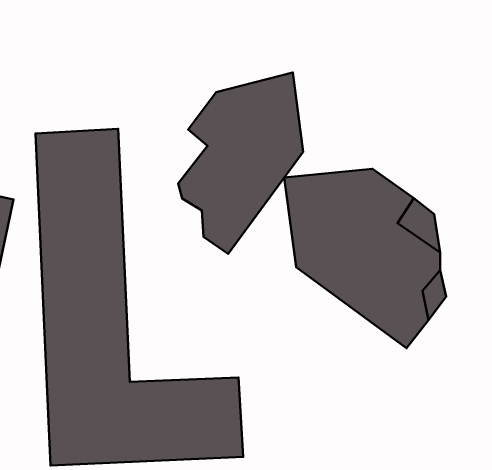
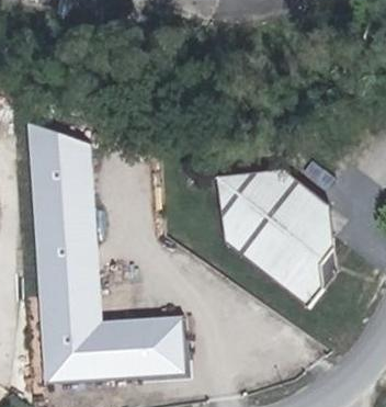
building: [178,73,303,254] -> none

